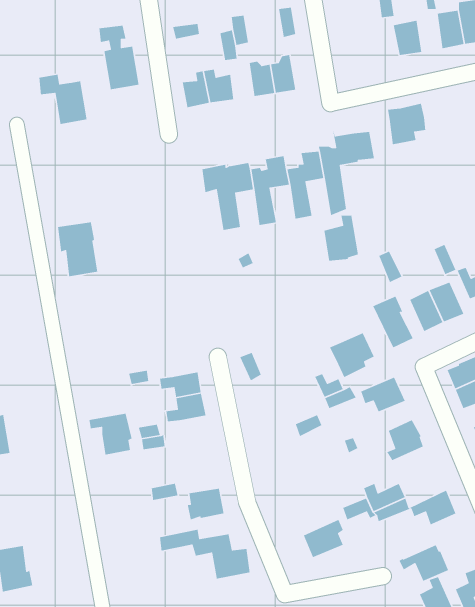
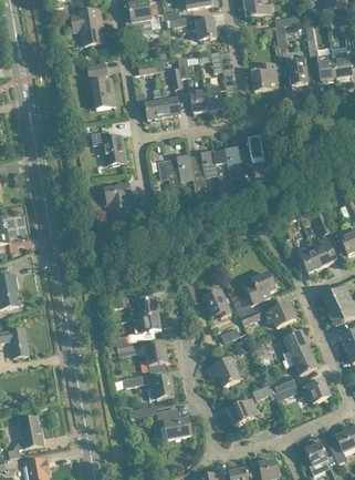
building: [38,74,87,125] -> [91,130,124,164]
building: [387,103,426,145] -> [250,62,276,91]
building: [323,214,359,262] -> none
building: [57,221,98,277] -> [104,183,132,221]
building: [372,296,414,349] -> none
building: none -> [202,290,230,317]
building: [88,413,133,455] -> [137,343,167,371]
building: none -> [207,357,239,386]
building: [398,544,449,582] -> [282,349,316,375]

